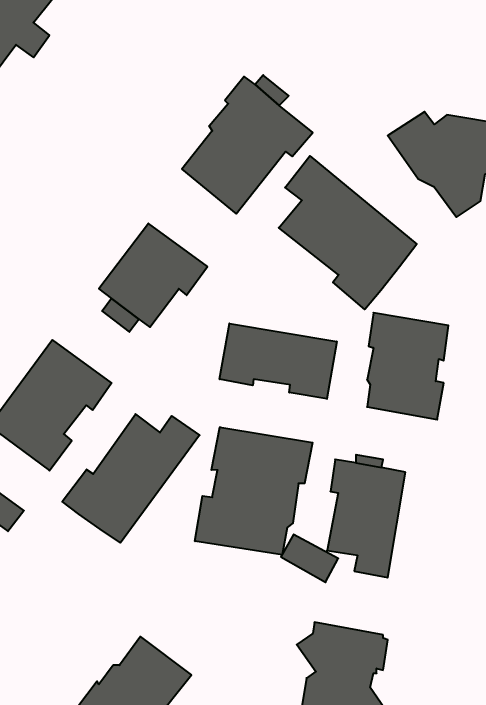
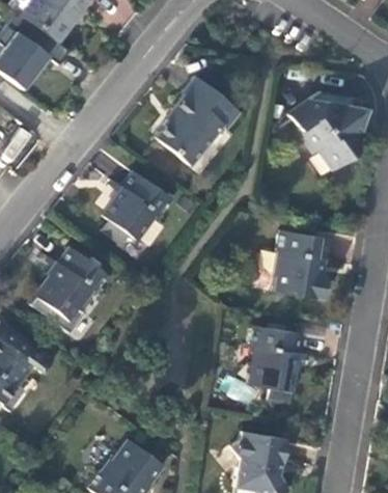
building: [279,156,417,309] -> none
building: [220,323,337,399] -> none
building: [62,414,200,543] -> none
building: [195,427,313,555] -> none

